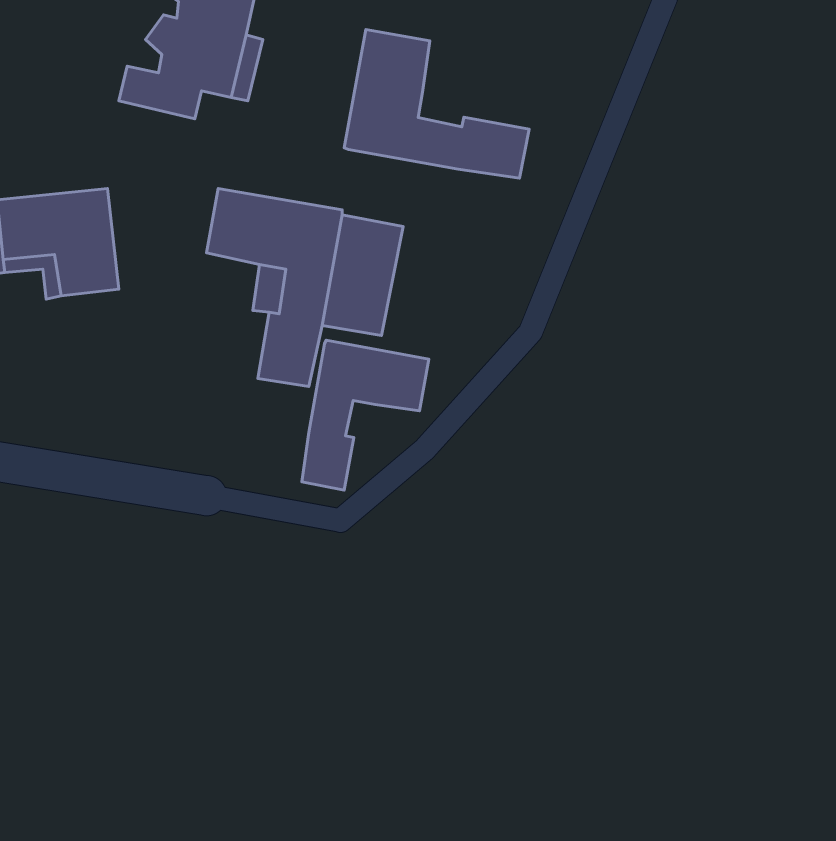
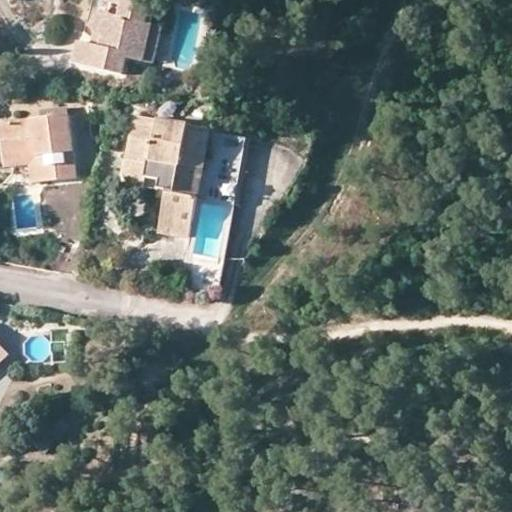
building: [344,29,529,178] -> none
building: [302,340,429,490] -> none

